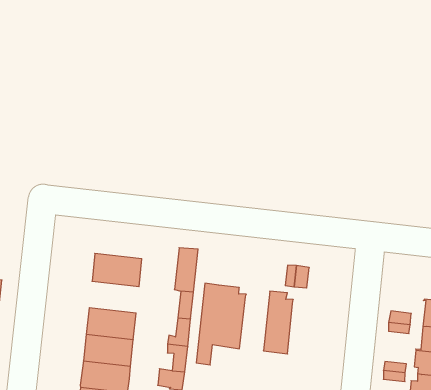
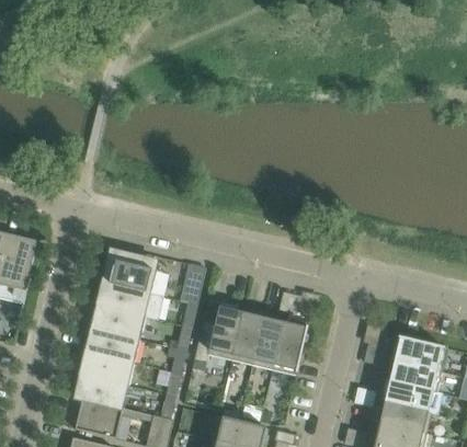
building: none -> [104,285,162,321]
building: none -> [231,310,264,365]
building: none -> [273,319,309,376]

